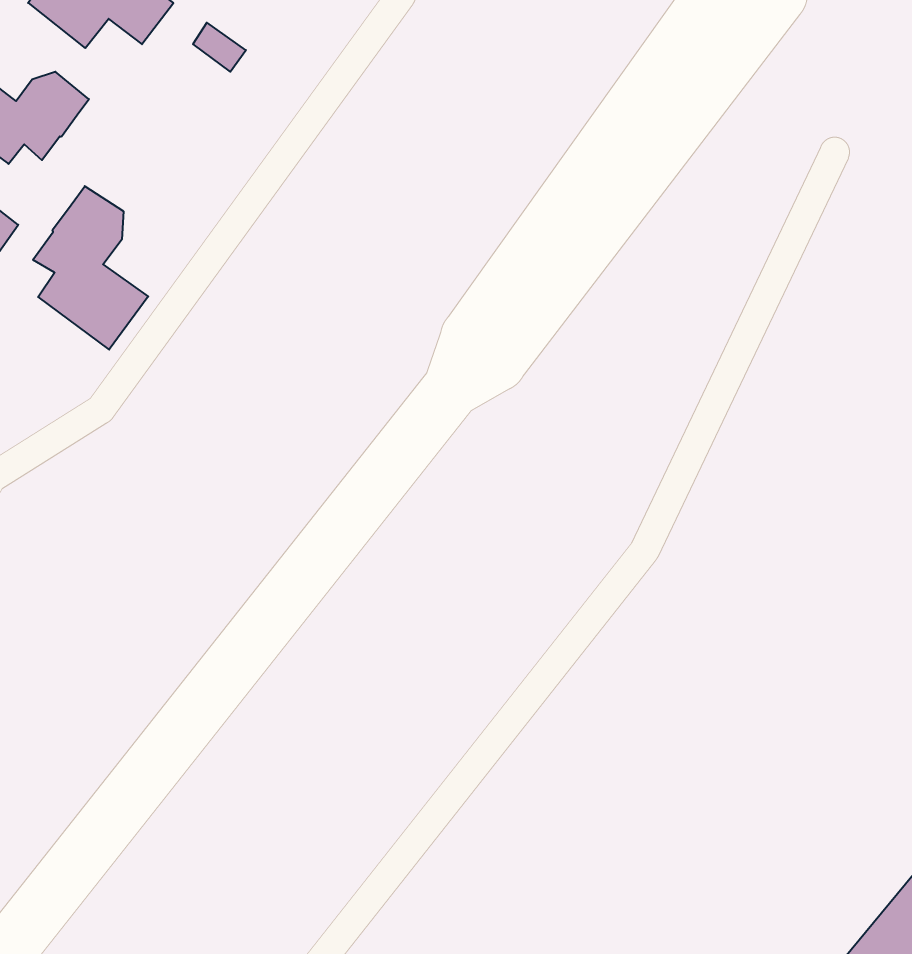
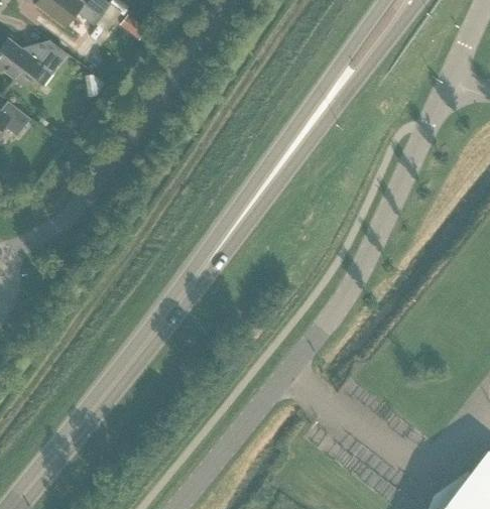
building: [33,186,148,350] -> none

